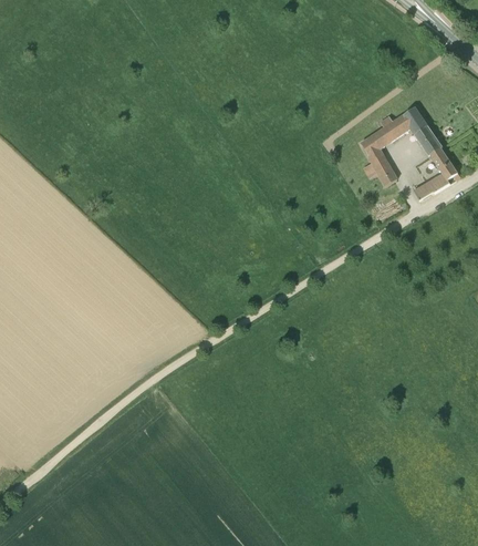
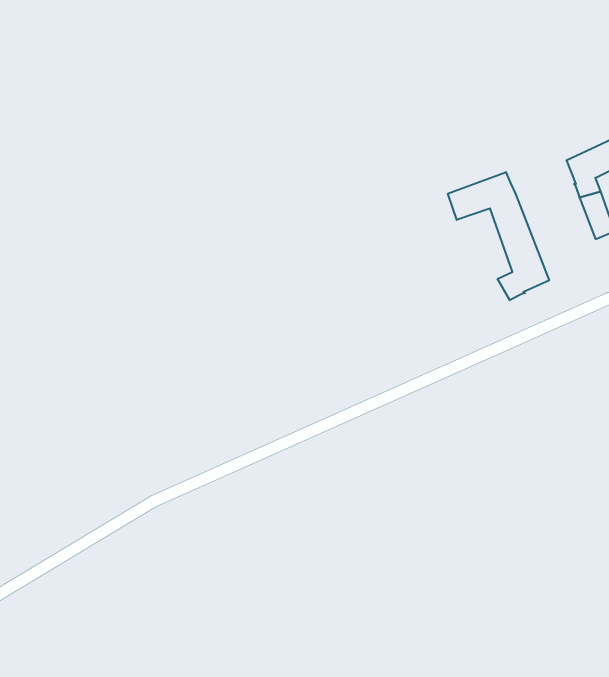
building: none -> [448,172,549,300]

